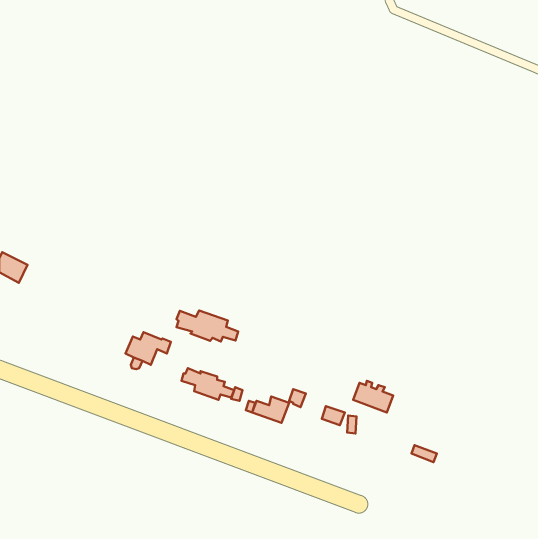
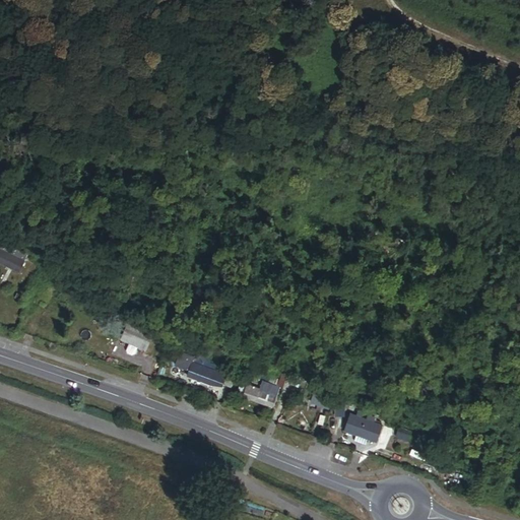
building: [176,310,238,341] -> none
building: [353,381,393,412] -> [343,412,382,443]

